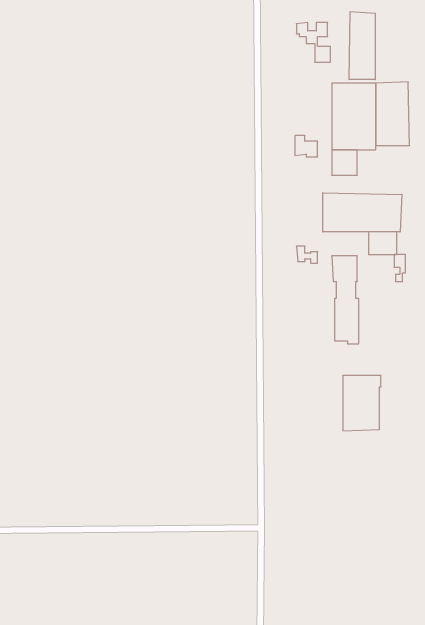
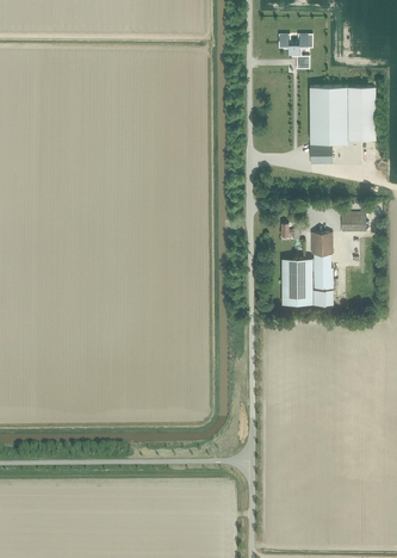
building: [349,12,375,80] -> none
building: [323,193,402,232] -> none
building: [343,376,381,431] -> [281,259,314,305]

